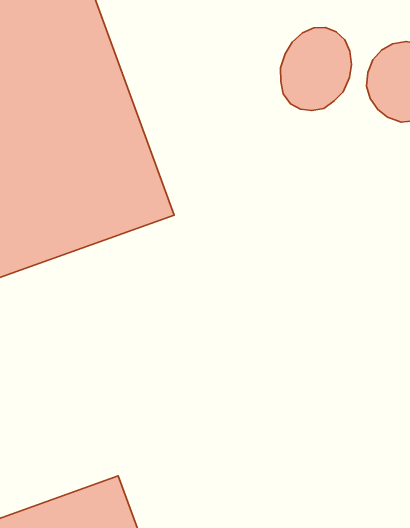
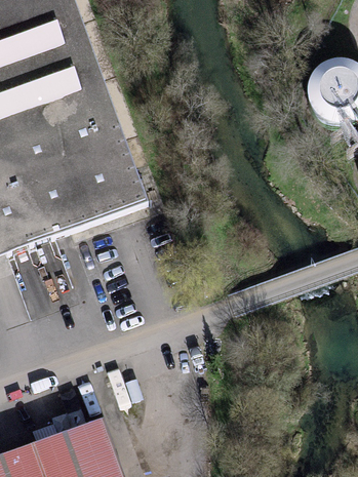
building: [281,28,352,111] -> none

